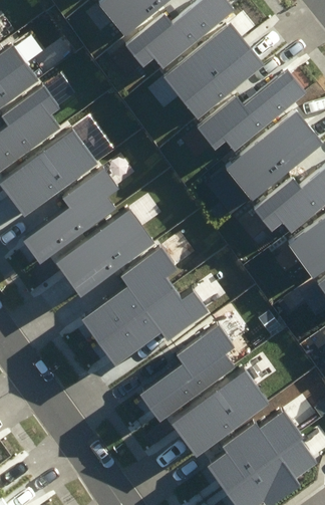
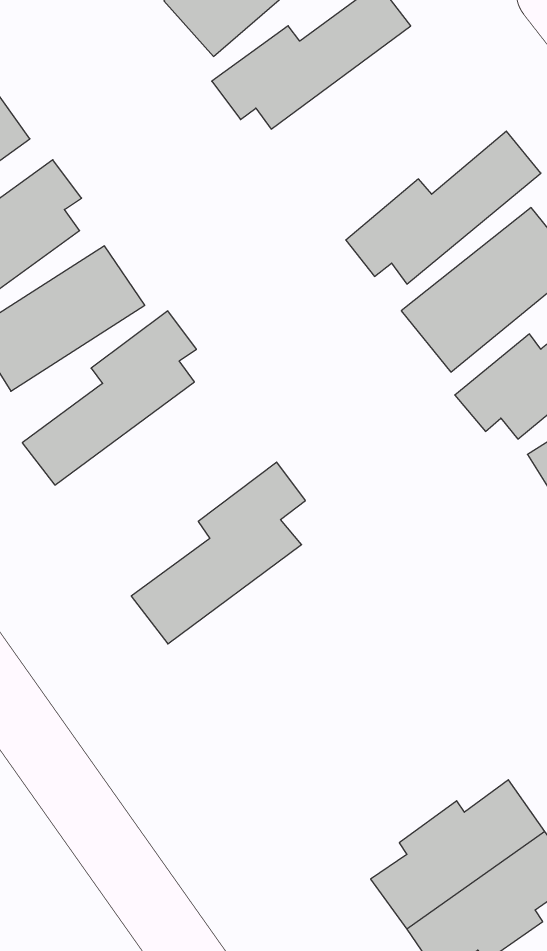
building: [162,26,262,118] -> none
building: [56,211,146,287] -> none
building: [103,289,211,366] -> none
building: [142,325,233,417] -> none
building: [176,375,266,453] -> none

